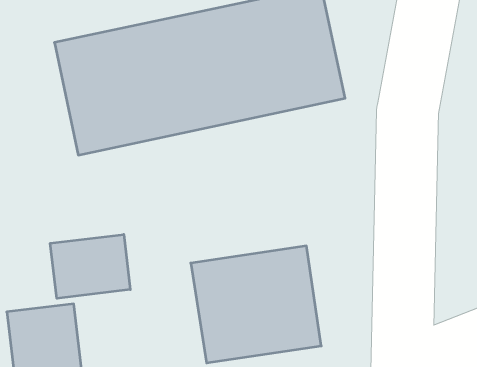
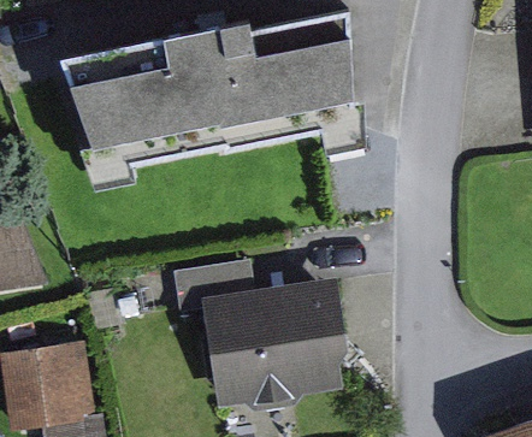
building: [50,234,130,298] -> none

